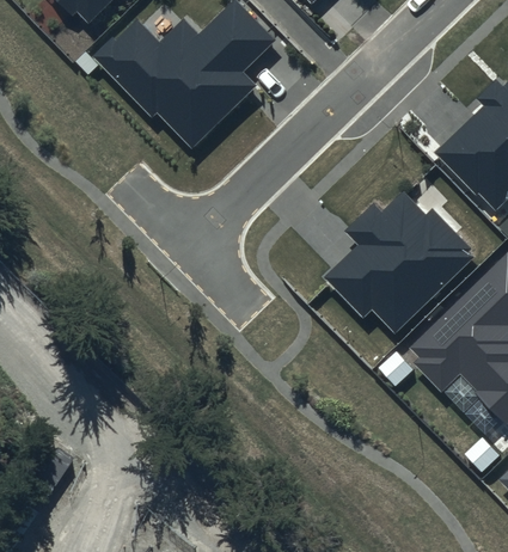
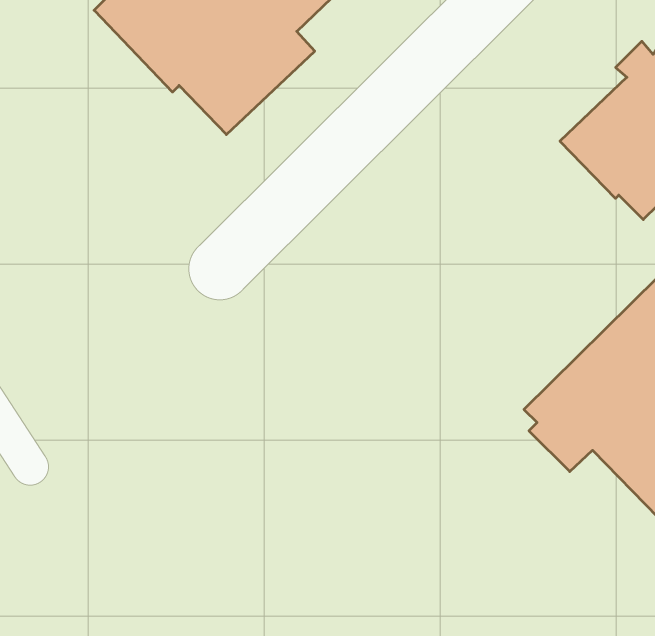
building: [326,191,478,333] -> none

